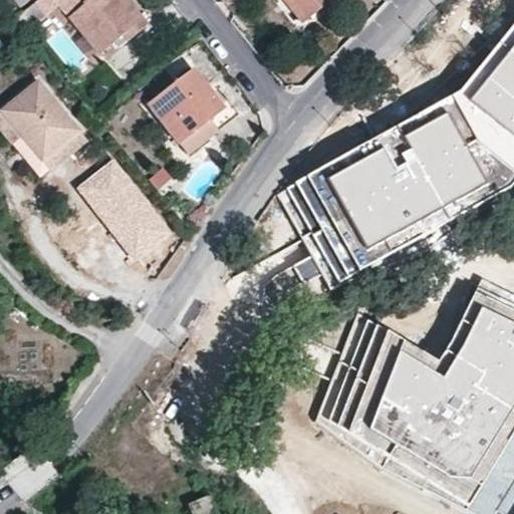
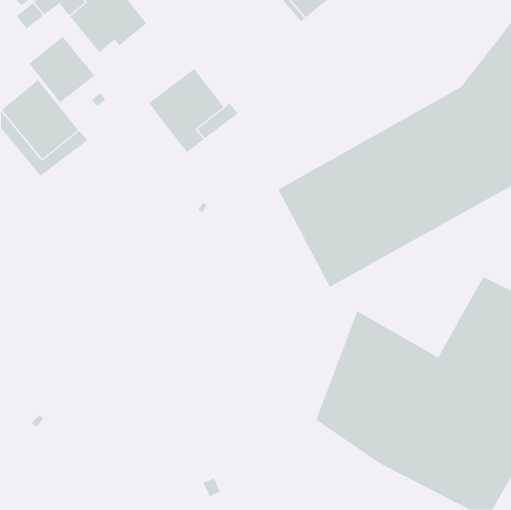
building: none -> [29,36,95,103]
building: [78,160,170,260] -> none

